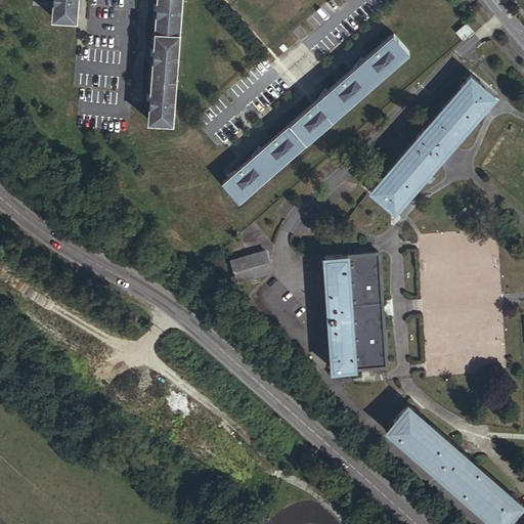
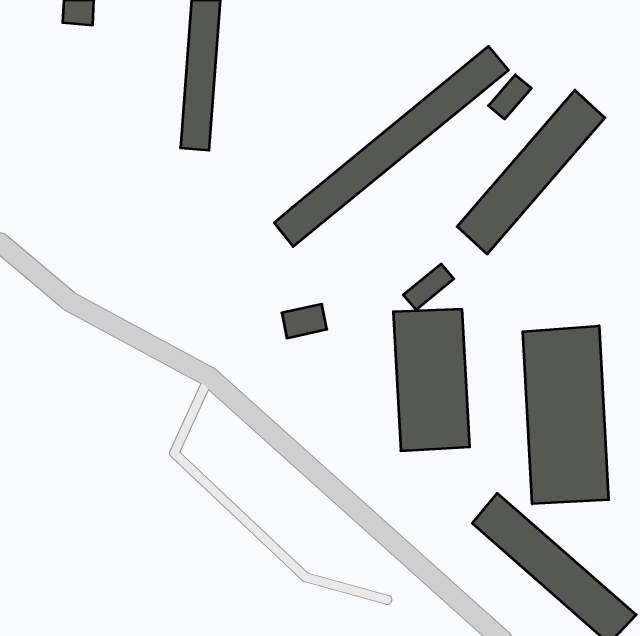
building: none -> [488,75,531,119]
building: none -> [403,264,454,310]
building: none -> [523,326,609,504]

